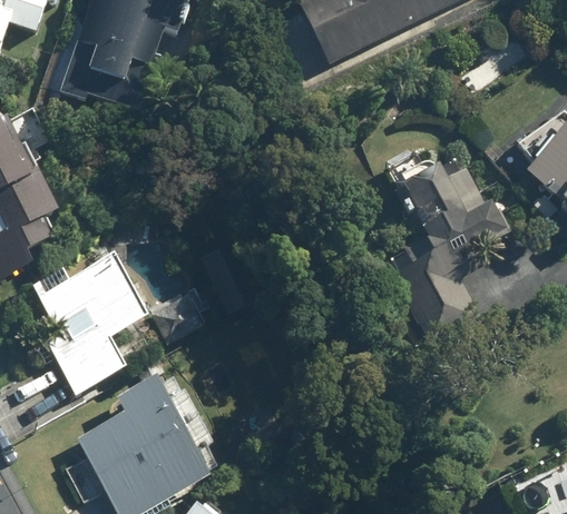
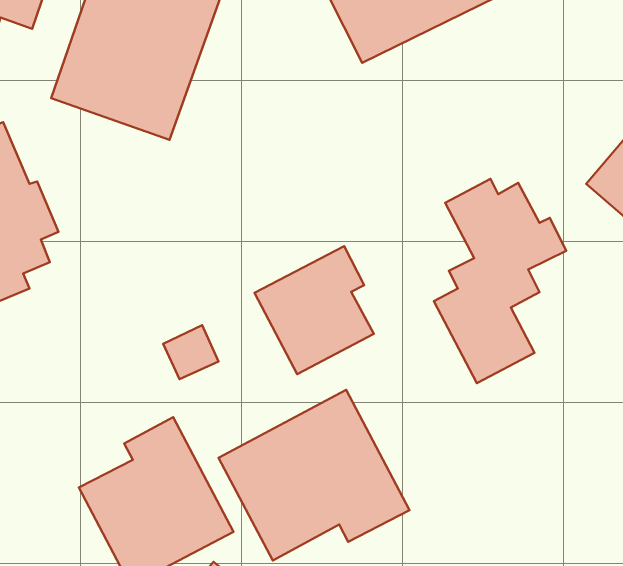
building: none -> [254,246,374,374]
building: [38,251,153,394] -> none
building: none -> [219,390,410,561]

